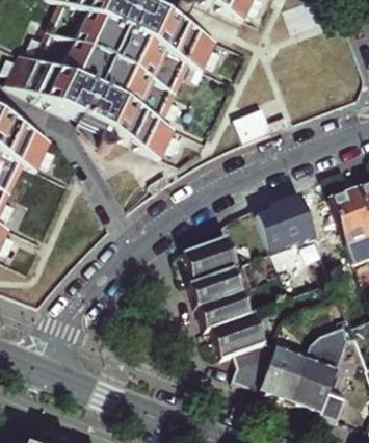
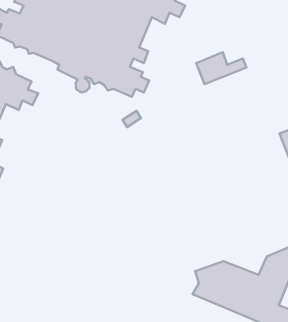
building: [260,189,316,250] -> none
building: [185,233,266,355] -> none

